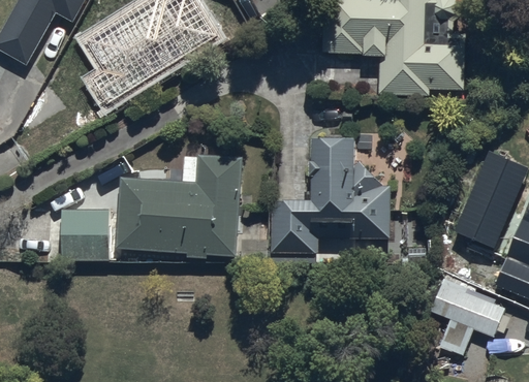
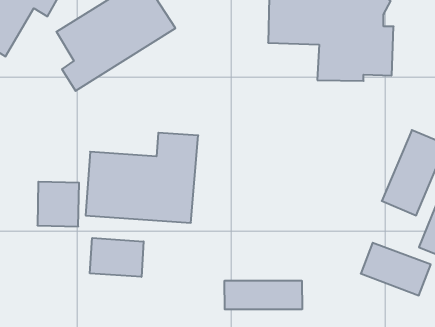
building: [272,138,391,254] -> none
building: none -> [90,238,144,277]
building: none -> [225,281,302,309]

